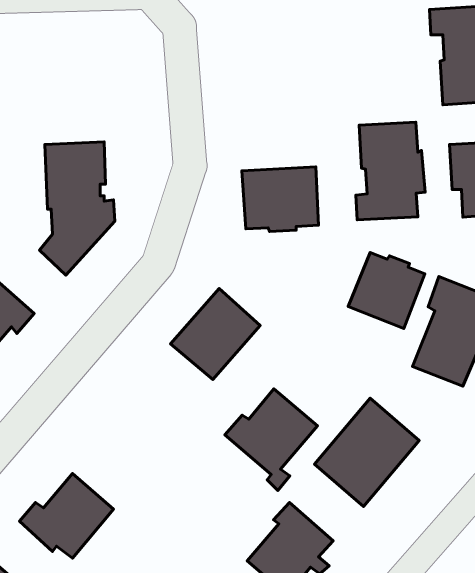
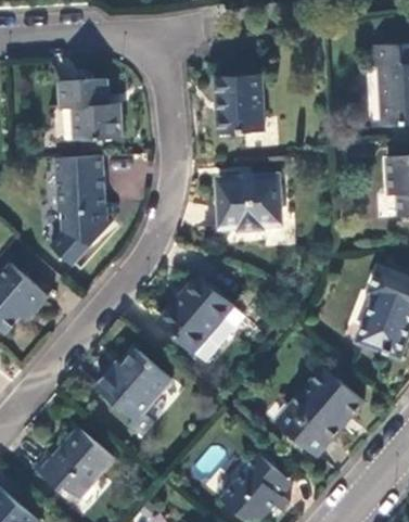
building: none -> [216,74,264,132]
building: none -> [61,79,123,140]
building: [356,122,425,220] -> none
building: [348,252,425,328] -> none
building: [225,389,318,490] -> [95,348,171,432]

